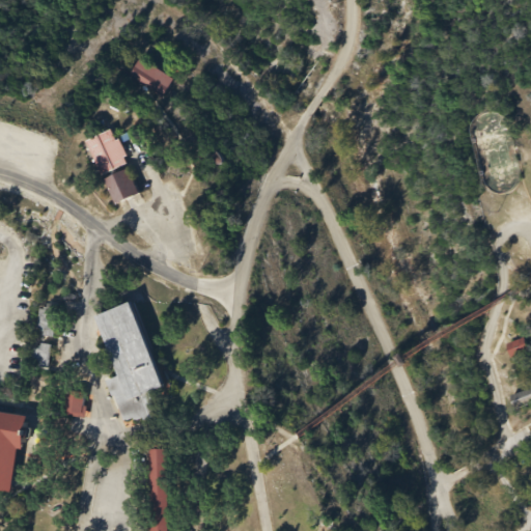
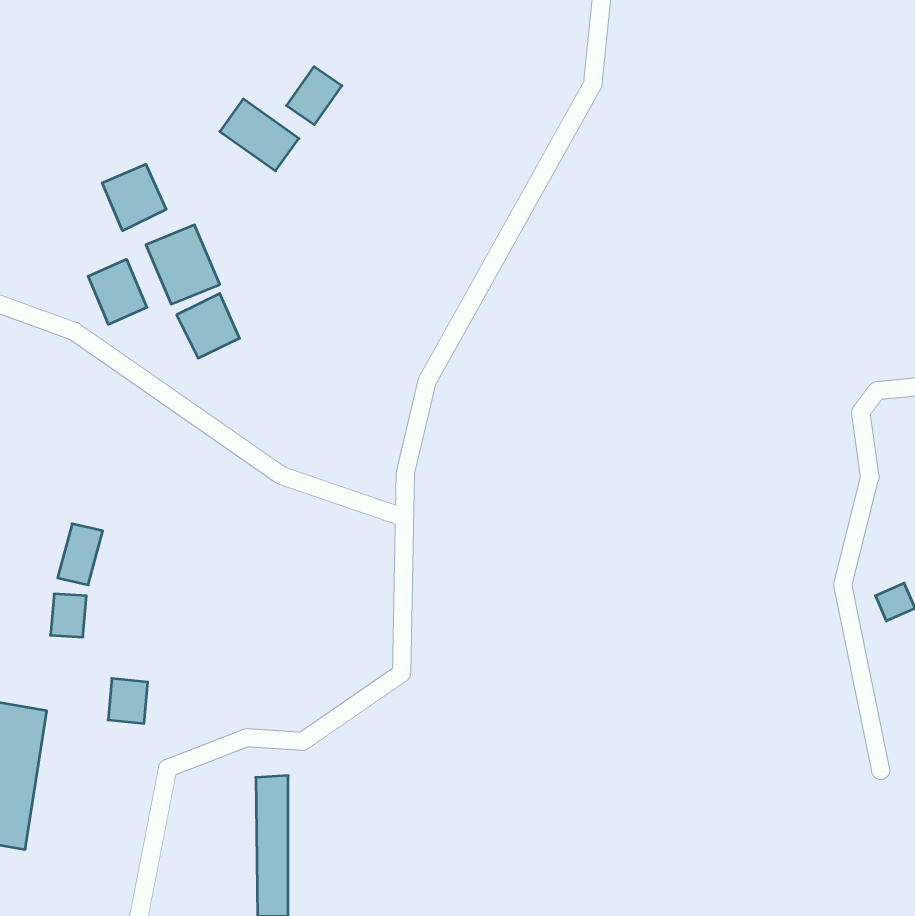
building: none -> [286,67,342,125]
building: none -> [102,164,166,231]
building: none -> [88,259,147,324]
building: [96,302,164,421] -> none

